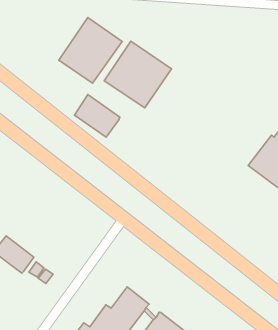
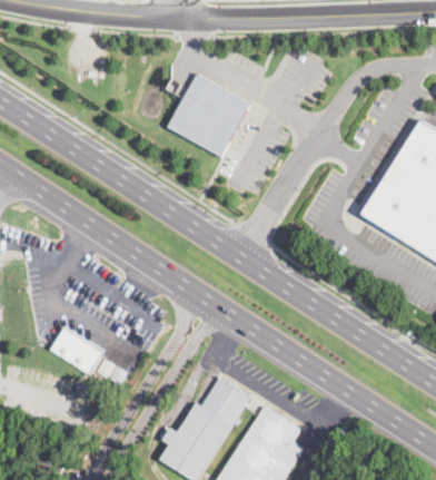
building: [59,18,122,83] -> none
building: [74,94,120,137] -> none

